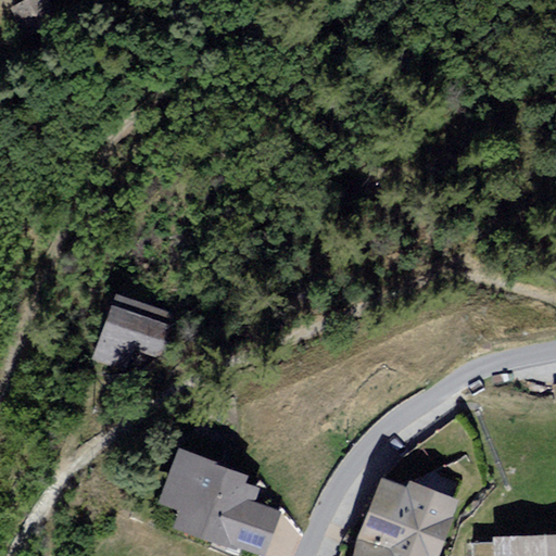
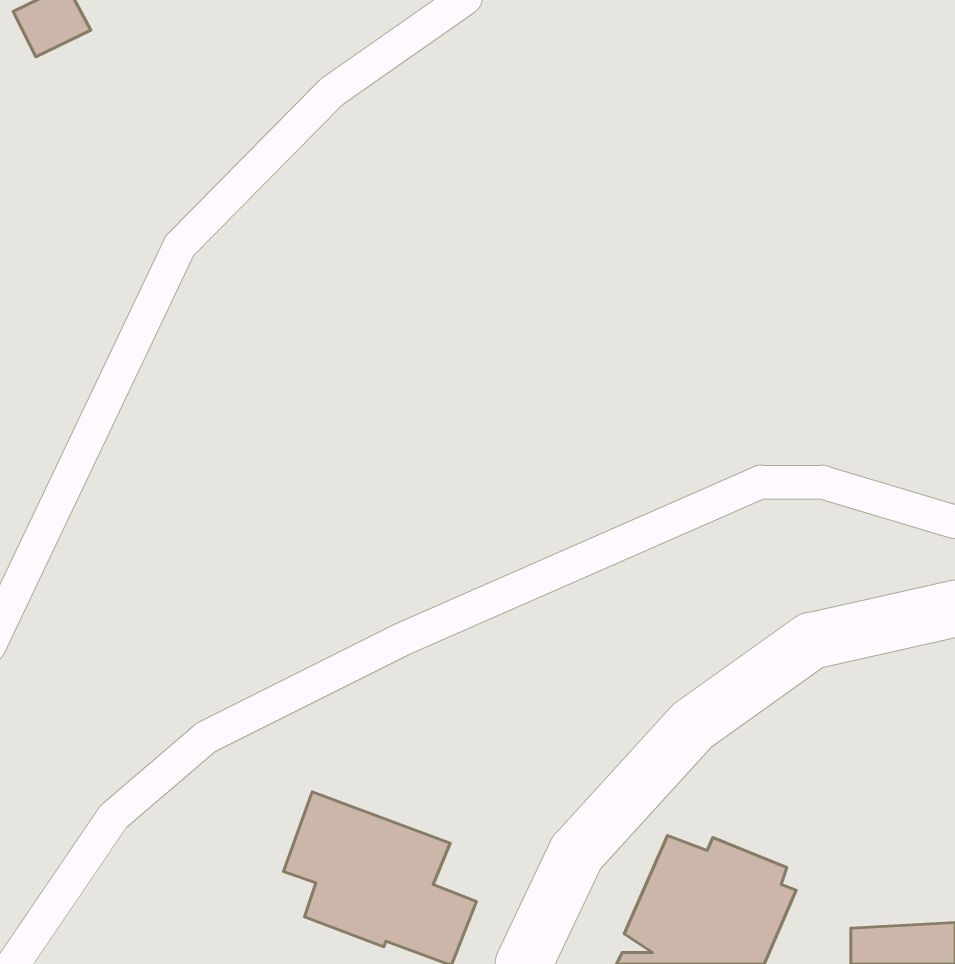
building: [88,305,173,371] -> none

